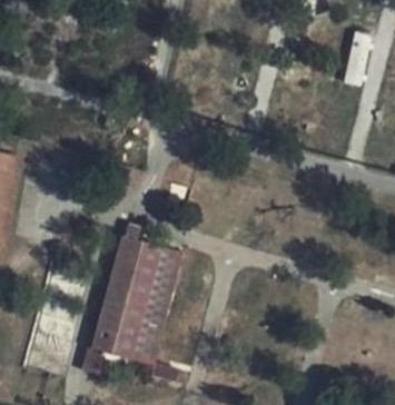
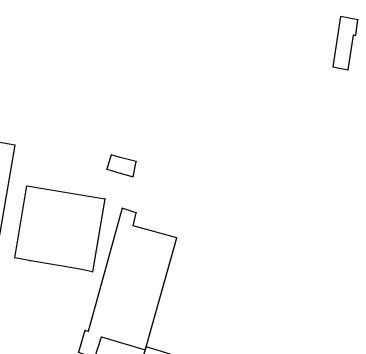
building: none -> [15,186,105,272]

